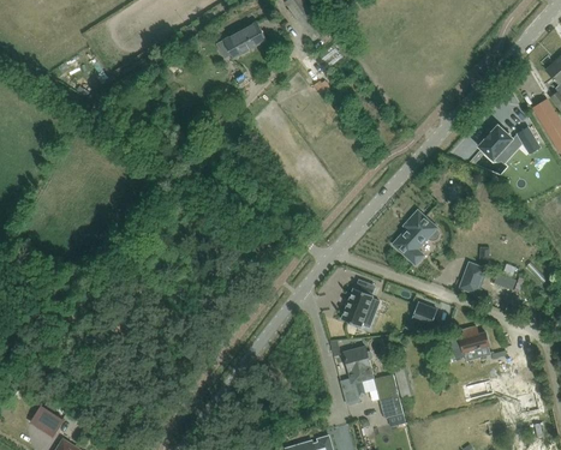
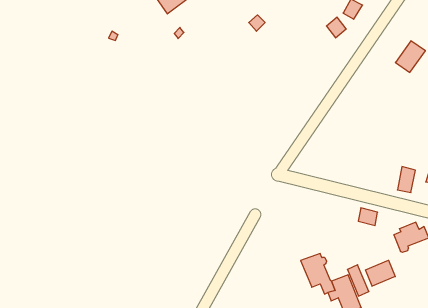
building: [393,211,438,264] -> none
building: [340,280,378,326] -> none
building: none -> [366,260,395,286]

